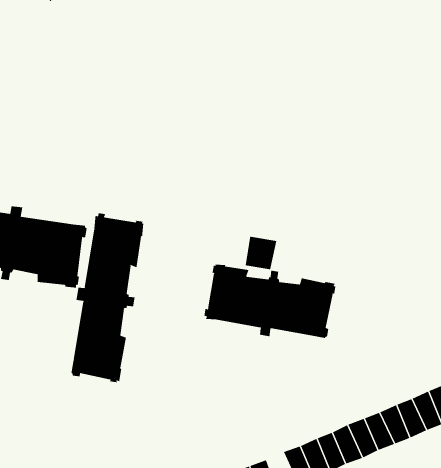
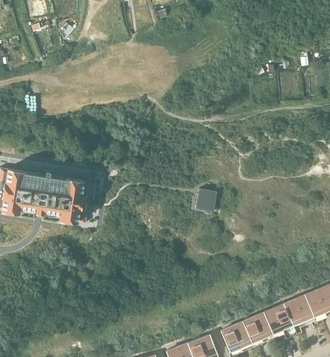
building: [71,212,144,383] -> none
building: [204,264,336,339] -> none

